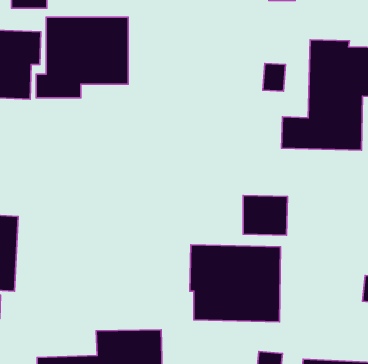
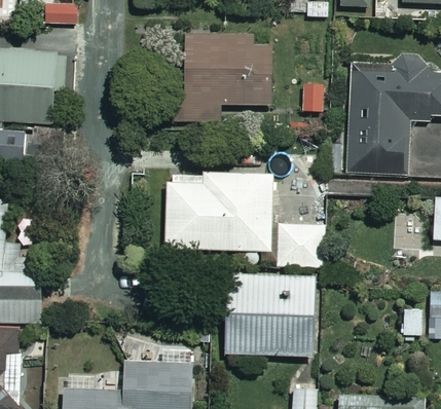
building: [36,17,128,98] -> [172,38,267,122]
building: none -> [168,174,273,249]

